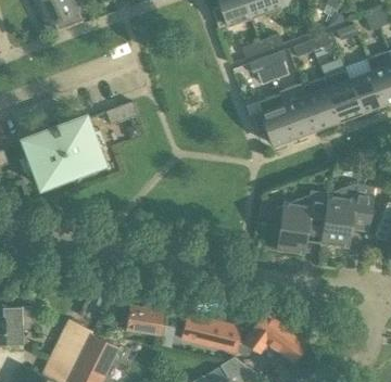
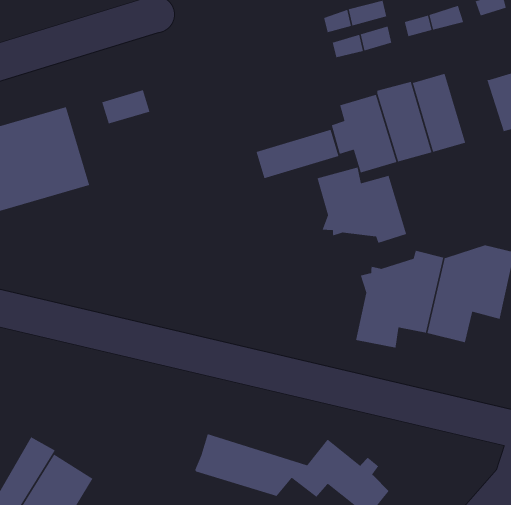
building: [323,68,362,120] -> none
building: none -> [255,129,340,179]
building: none -> [317,166,407,244]
building: [128,306,167,336] -> none

